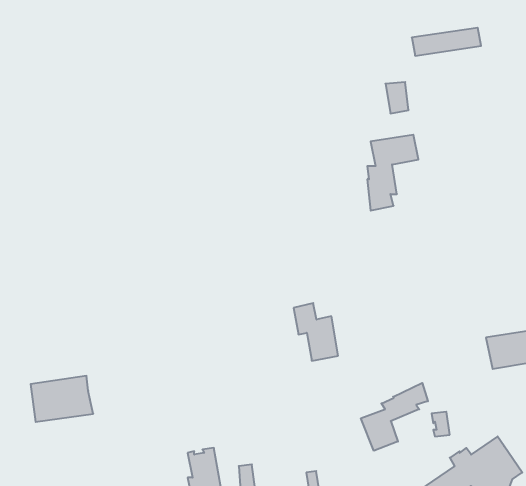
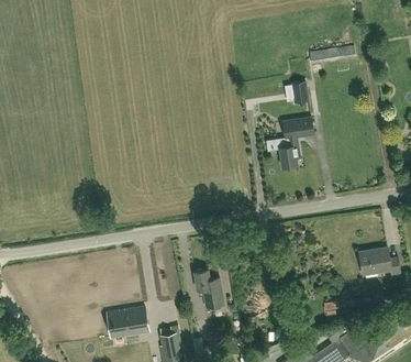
building: [294,303,338,361] -> [195,268,224,307]
building: [31,376,93,422] -> [108,306,149,337]
building: [361,383,428,451] -> none

